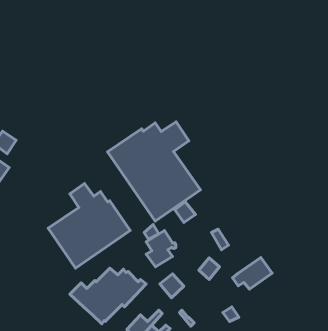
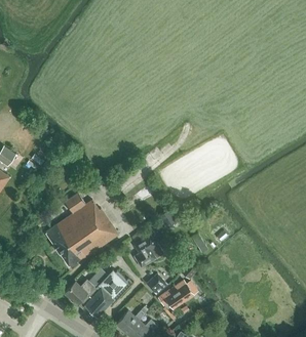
building: [107,122,201,221] -> none
building: [232,257,272,289] -> [158,280,194,308]

